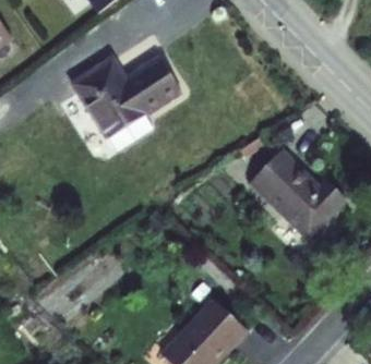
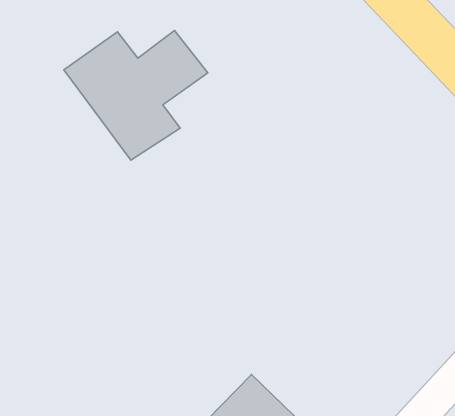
building: [250,156,345,242] -> none

